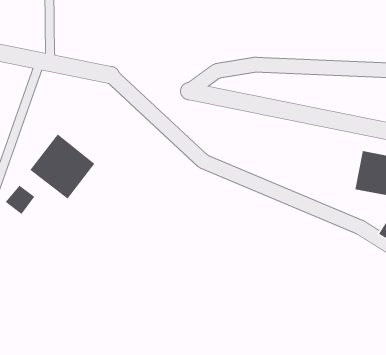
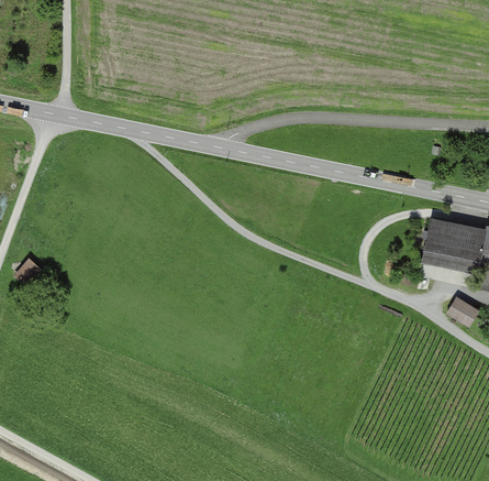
building: [30,134,95,199] -> none

